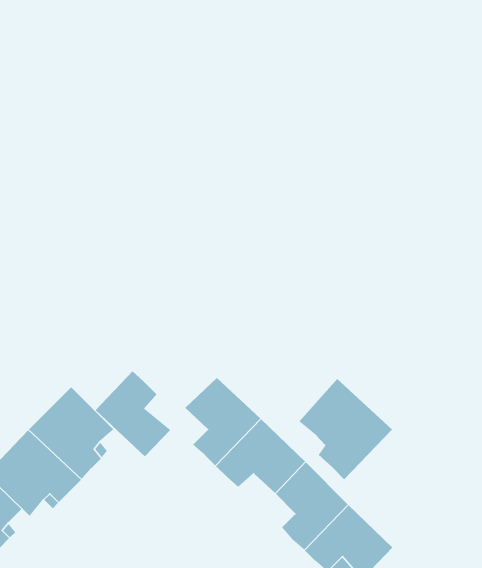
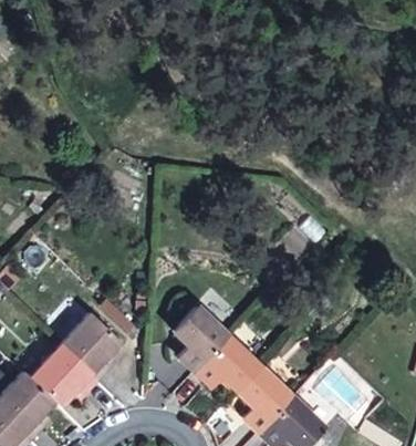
building: [95,370,171,457] -> none
building: [299,378,393,480] -> none

